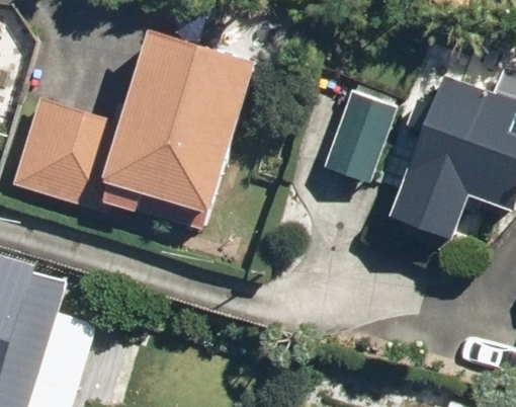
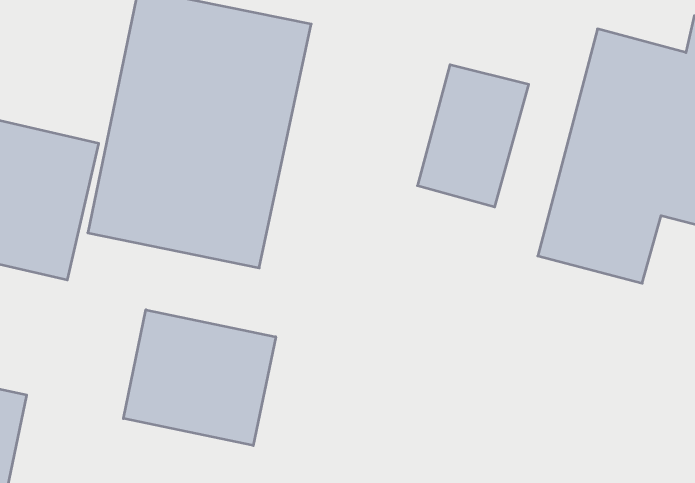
building: none -> [123,310,276,446]

